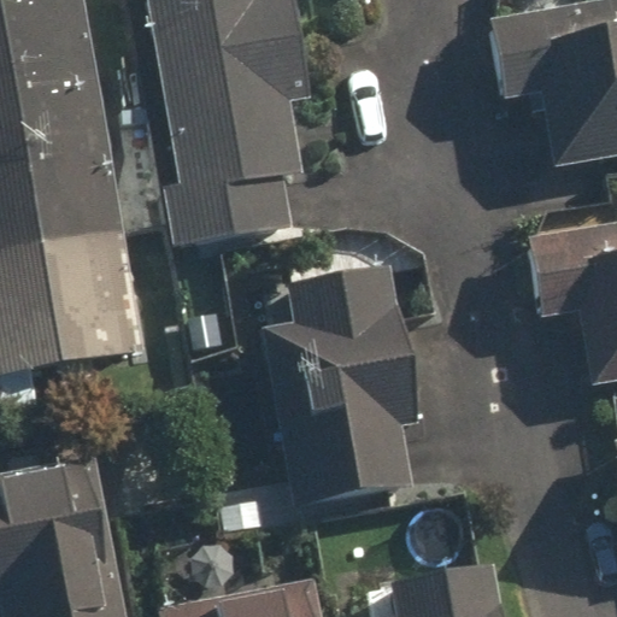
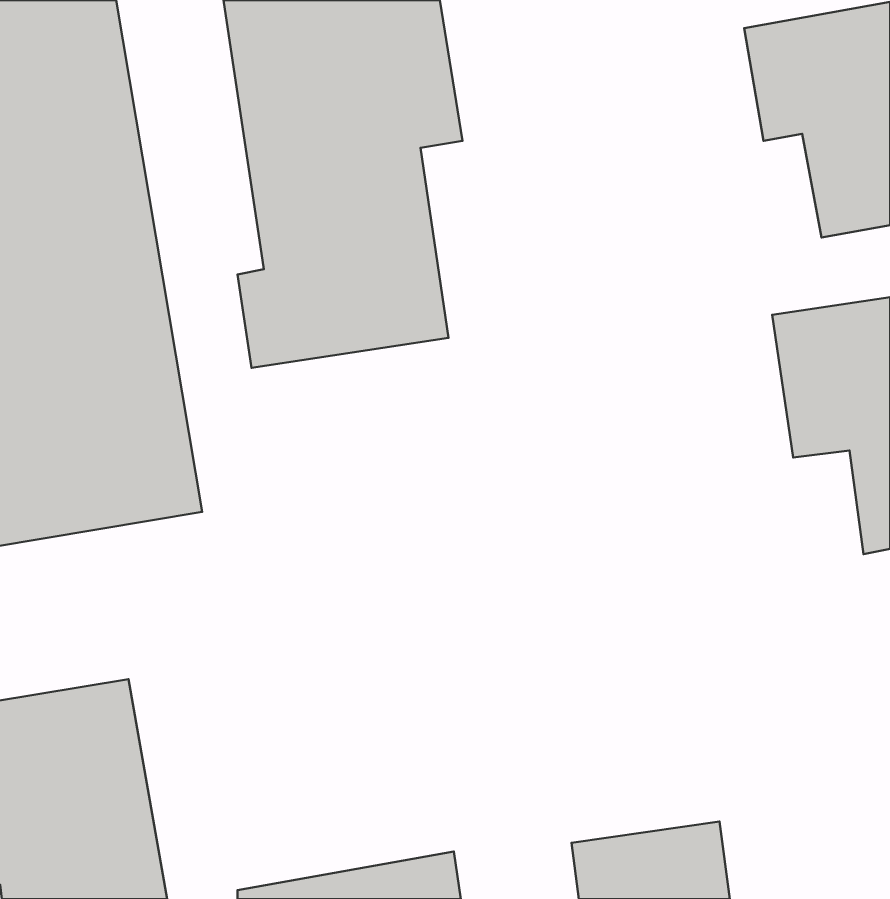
building: [260,262,422,498] -> none

